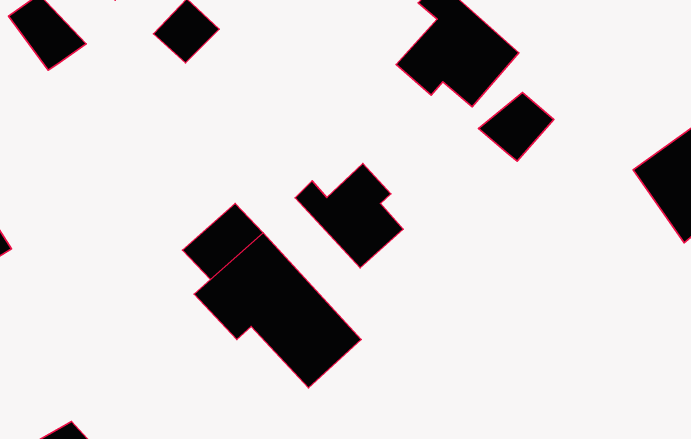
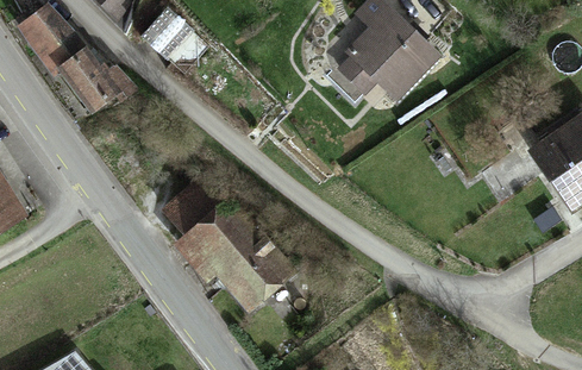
building: none -> [62,48,118,108]
building: [478,92,554,161] -> none
building: [295,163,403,268] -> none

